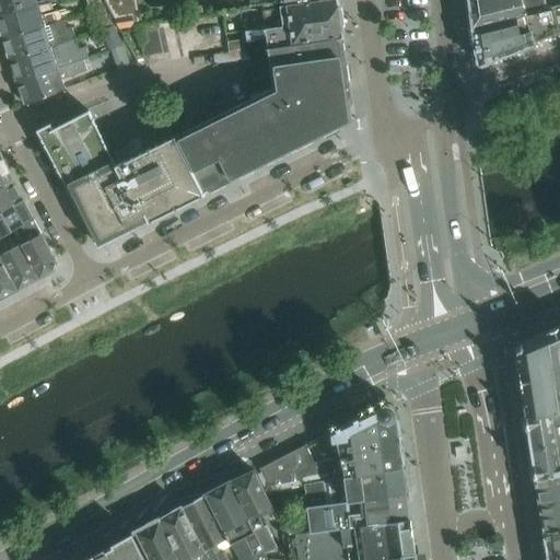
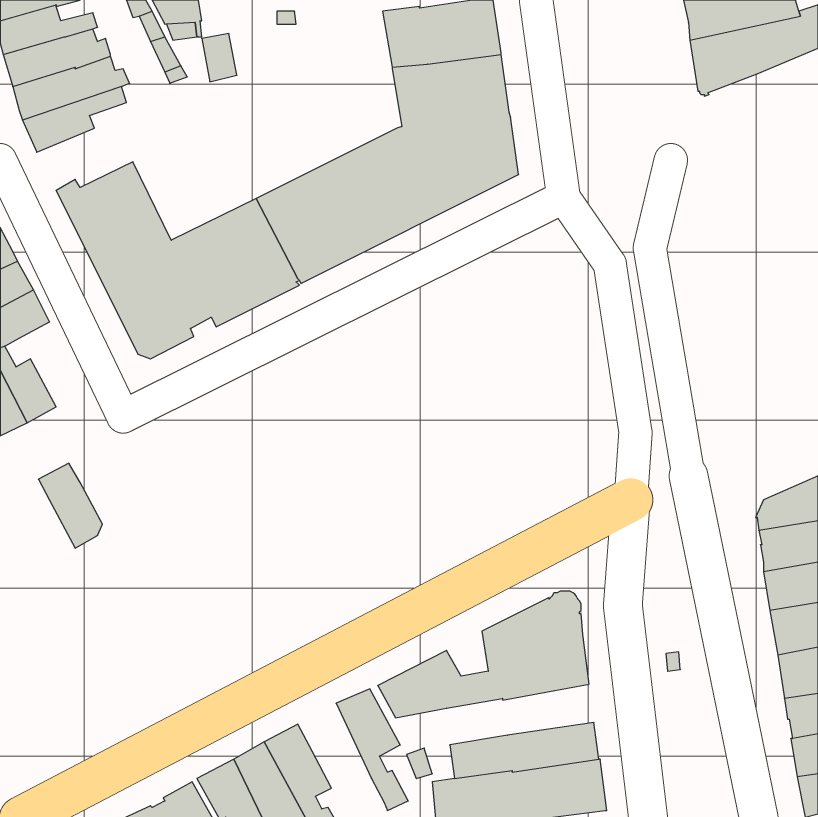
building: [13,221,57,279] -> [38,463,102,548]
building: [305,468,406,510] -> none
building: [203,481,262,555] -> none

